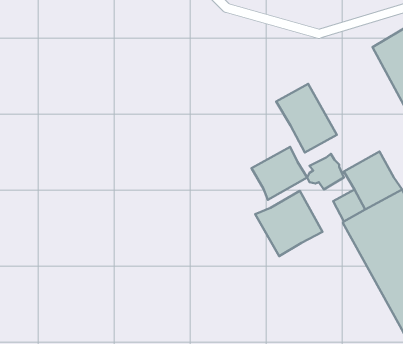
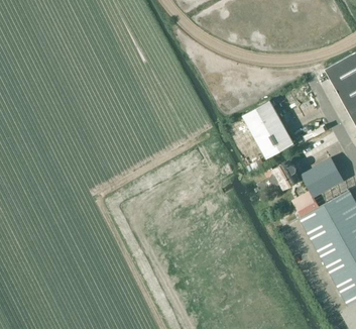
building: [252,147,307,200] -> none
building: [255,191,323,256] -> none

